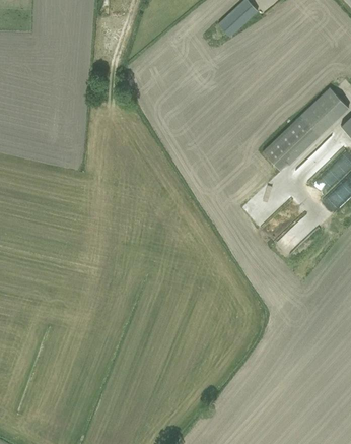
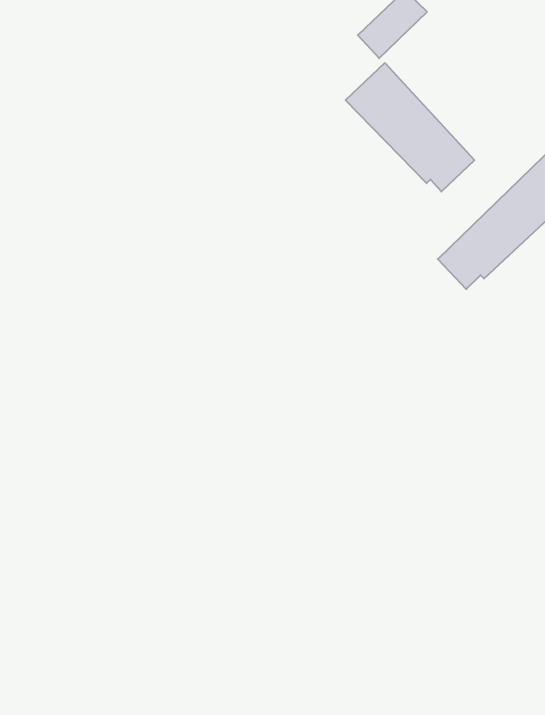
building: none -> [346,63,474,192]

